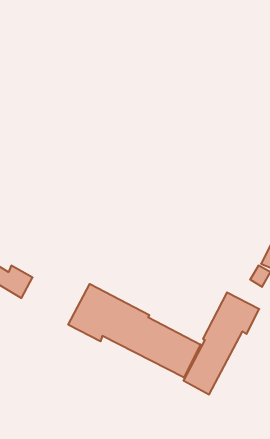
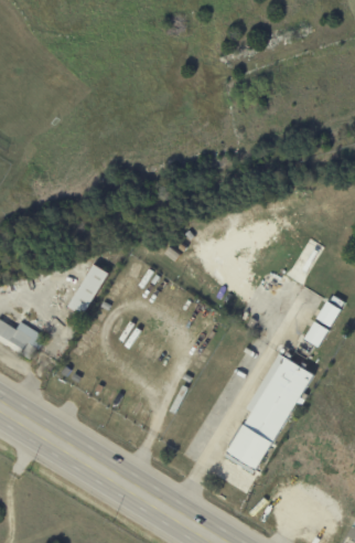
building: none -> [68,263,108,315]
building: [68,284,201,378] -> none

